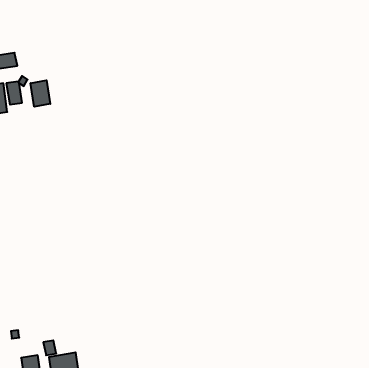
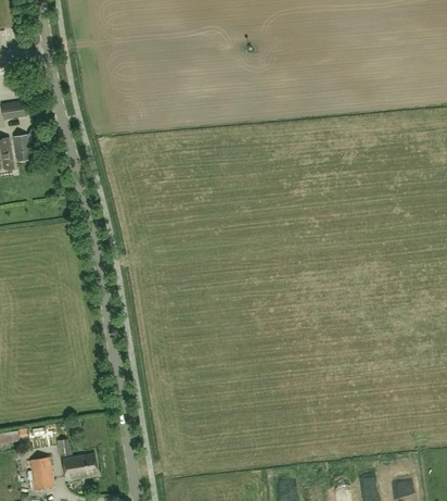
building: [31,80,50,107] -> none

